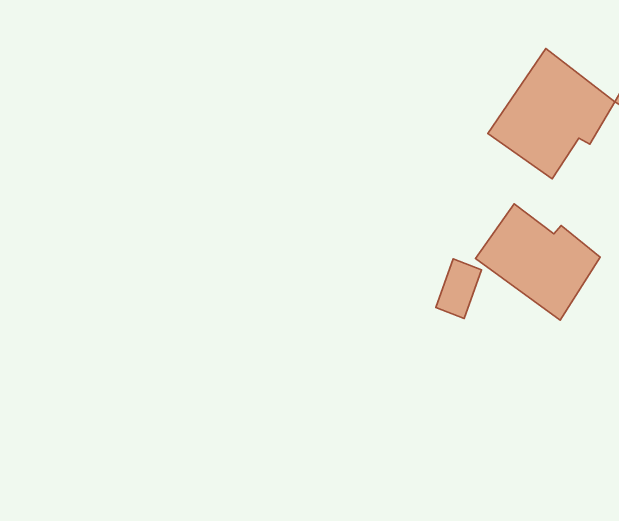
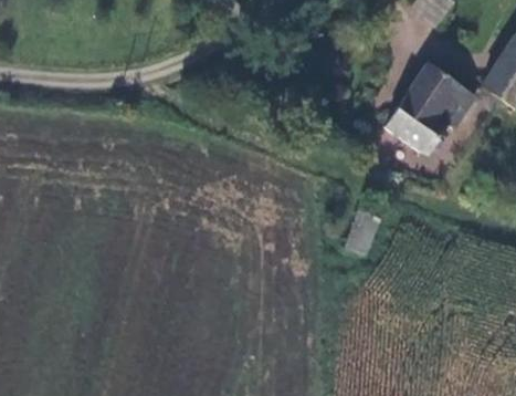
building: [475,204,600,320] -> none

